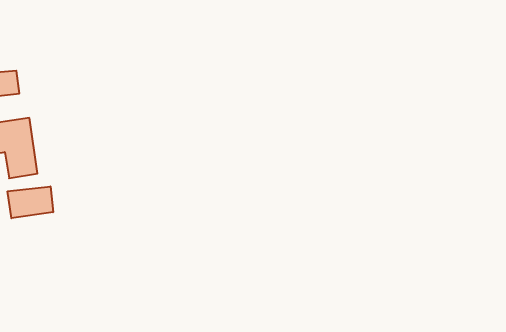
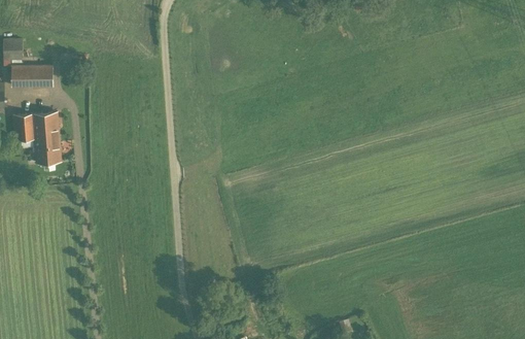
building: [8,186,53,218] -> none

